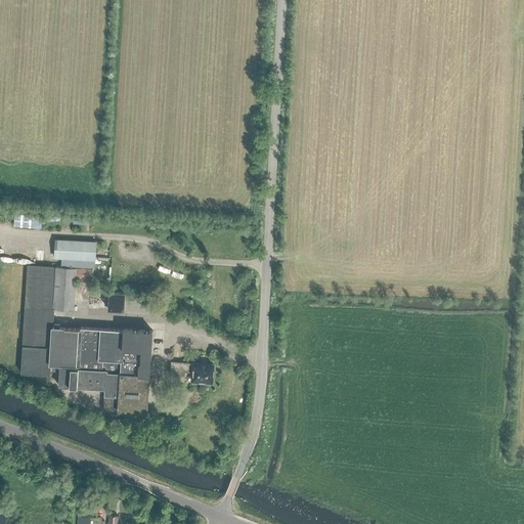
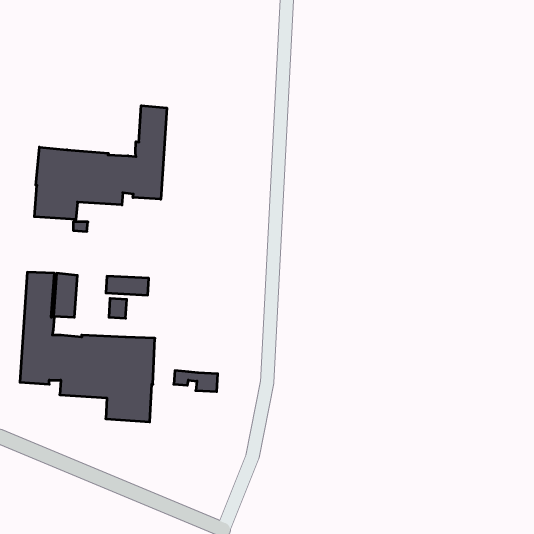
building: none -> [34,106,167,219]
building: [53,243,95,261] -> [106,276,149,295]

